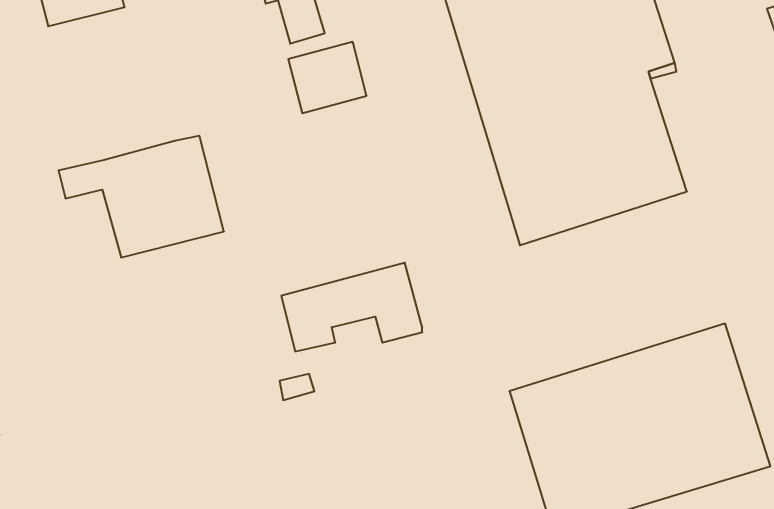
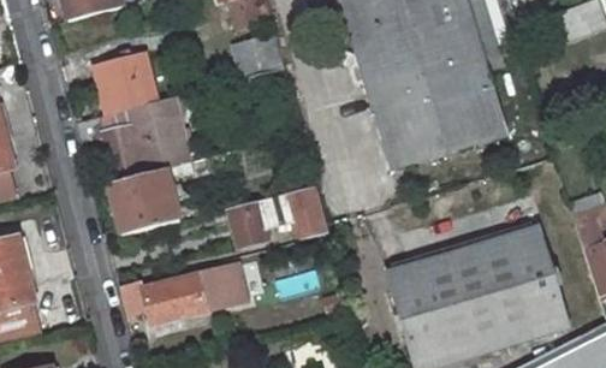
building: none -> [91,52,155,113]
building: none -> [93,159,207,238]
building: none -> [118,271,219,326]

